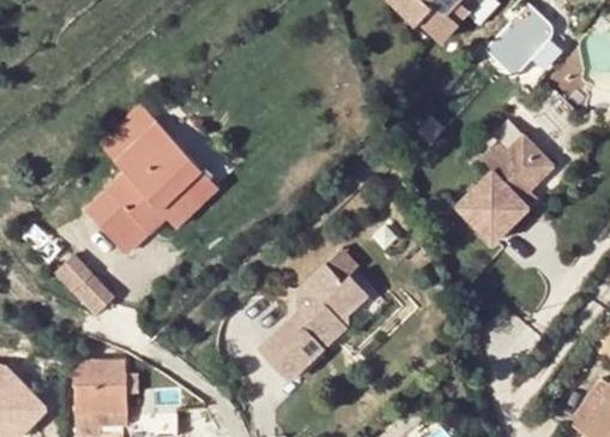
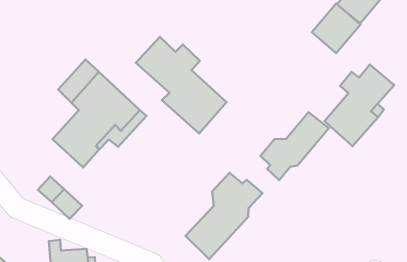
building: none -> [312,4,360,53]
building: none -> [136,37,227,133]
building: none -> [260,112,329,180]

